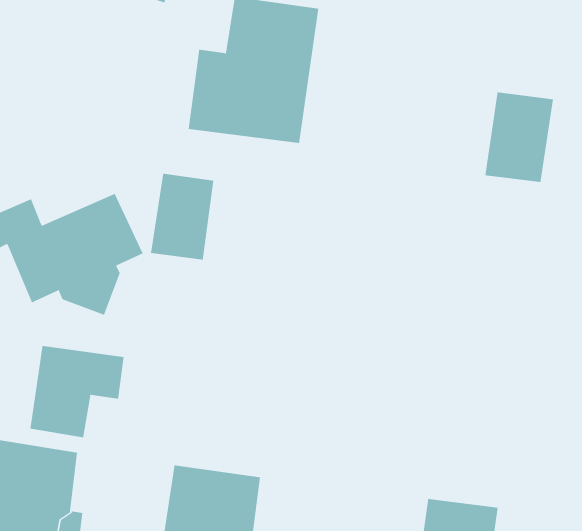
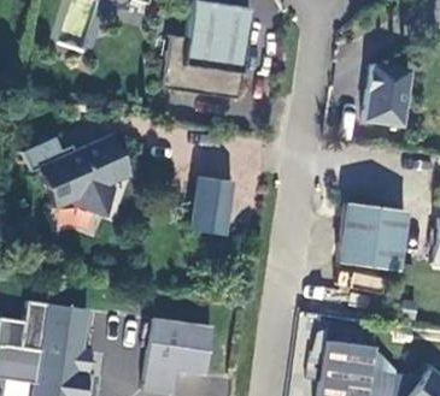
building: [150,173,214,260] -> [190,176,234,235]
building: none -> [339,202,406,271]
building: [30,345,124,438] -> none

